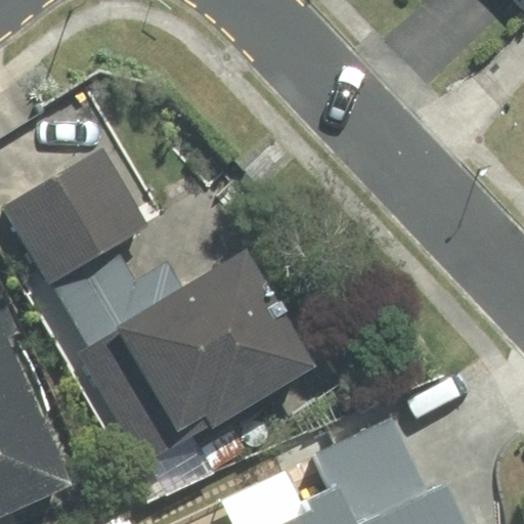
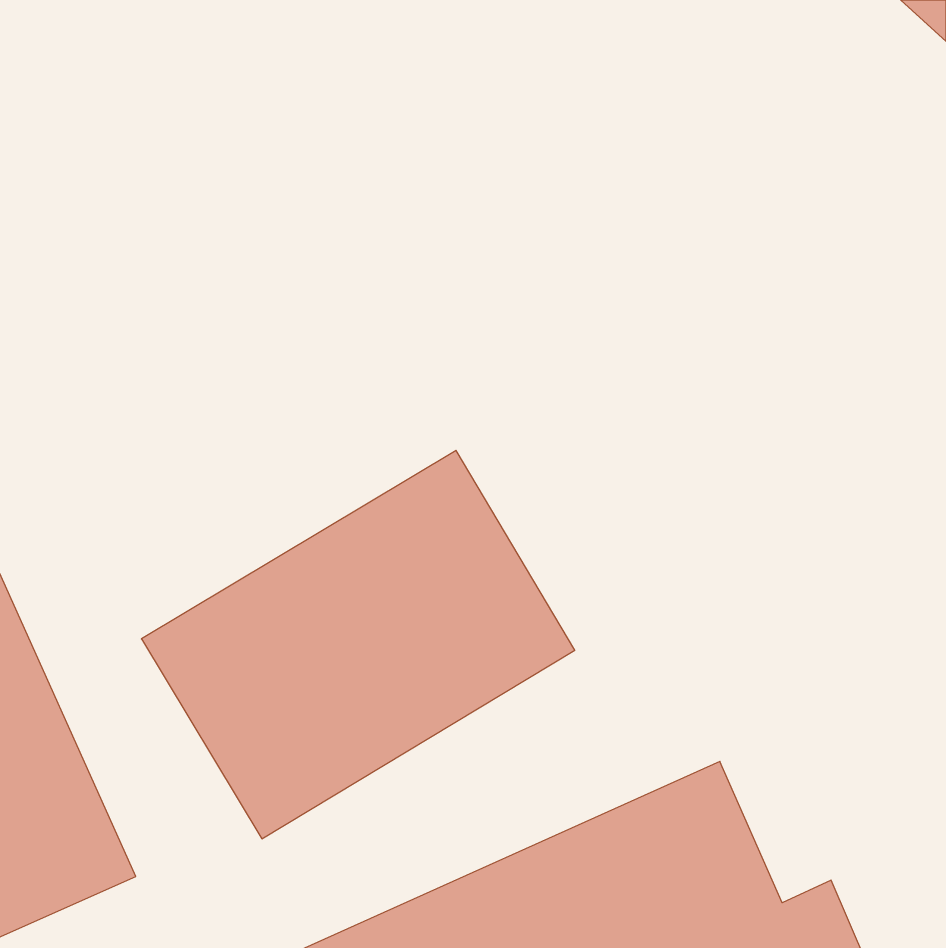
building: [6,150,145,281] -> none

